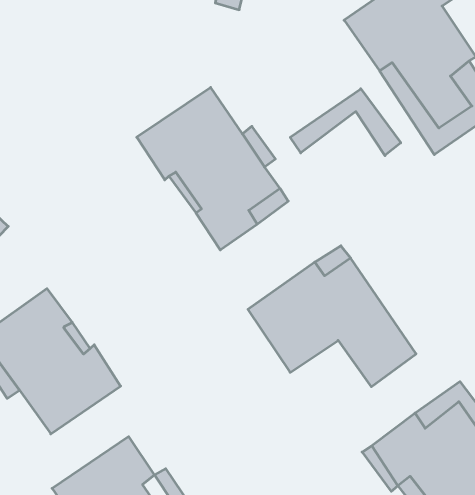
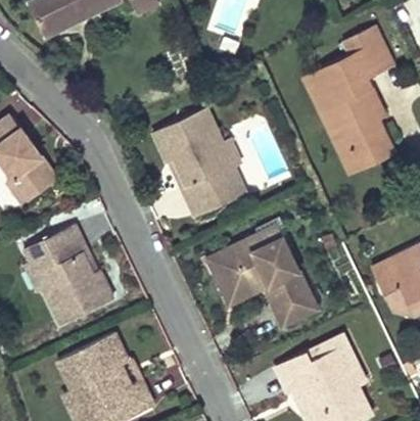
building: [290,89,401,156] -> none

